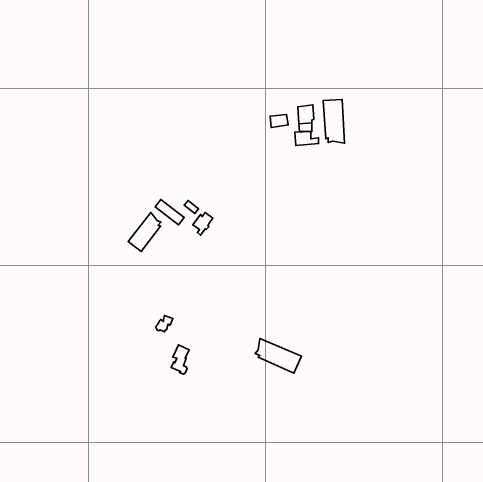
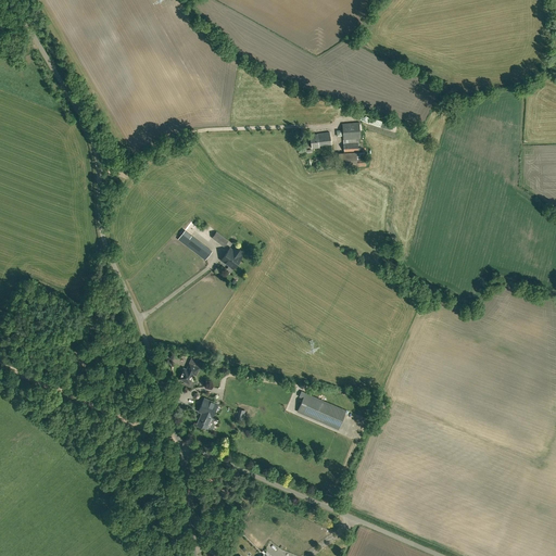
building: [323,99,345,143] -> none
building: [128,213,161,251] -> none

